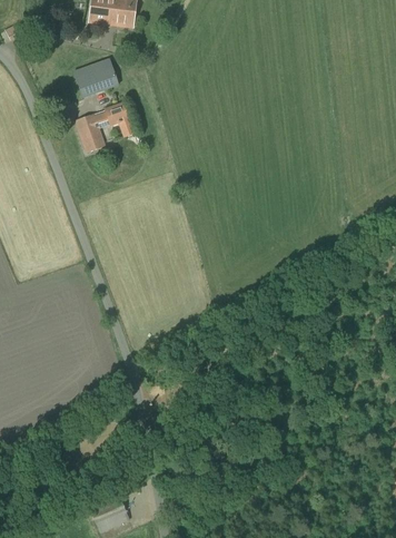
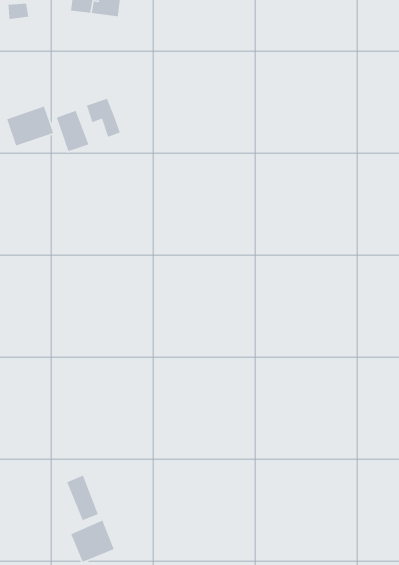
building: [73,59,118,97] -> [6,106,54,147]
building: none -> [66,475,99,521]

